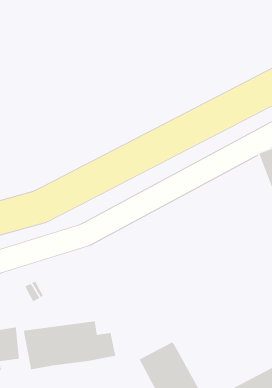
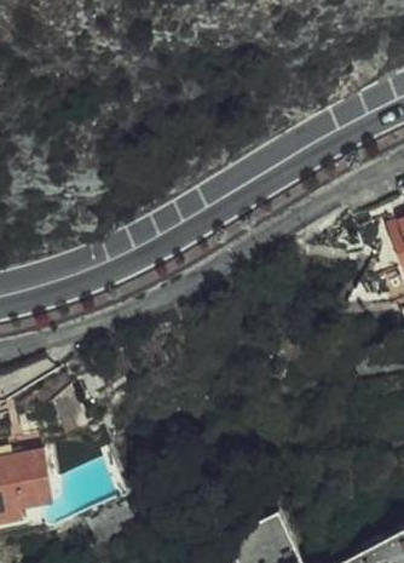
building: [23,320,116,370] -> none

